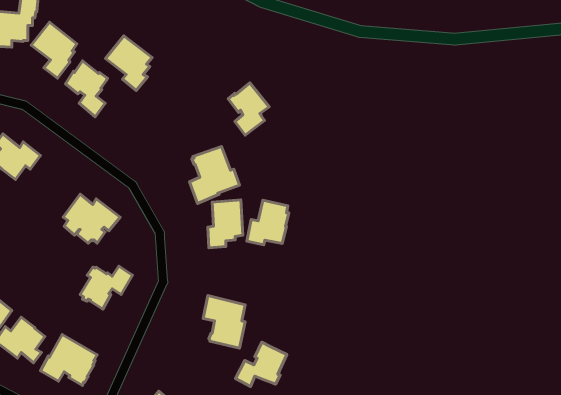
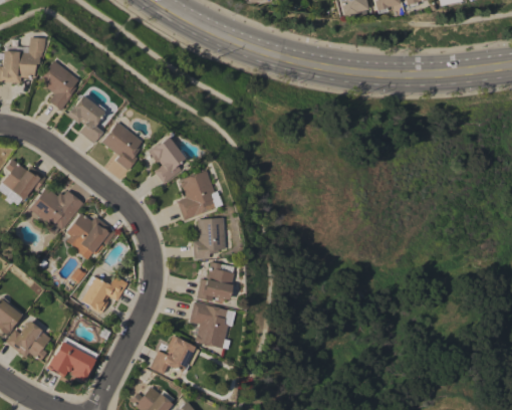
building: [106,36,152,90] -> [102,122,144,170]
building: [228,83,269,135] -> [150,137,186,183]
building: none -> [31,186,84,229]
building: [247,200,289,245] -> [198,261,235,300]
building: [236,342,287,387] -> [151,335,196,374]

